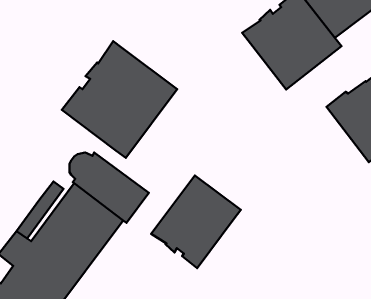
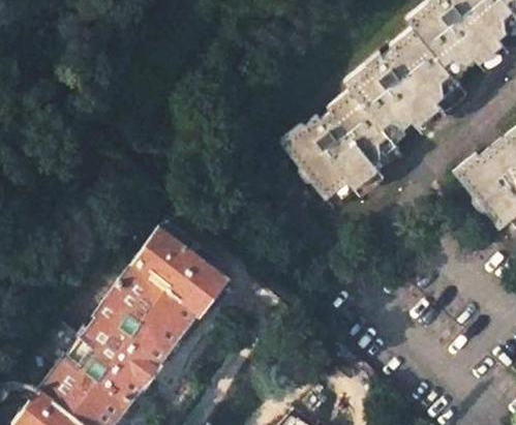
building: none -> [279,88,405,208]
building: [62,41,177,158] -> none
building: [151,175,241,268] -> none

